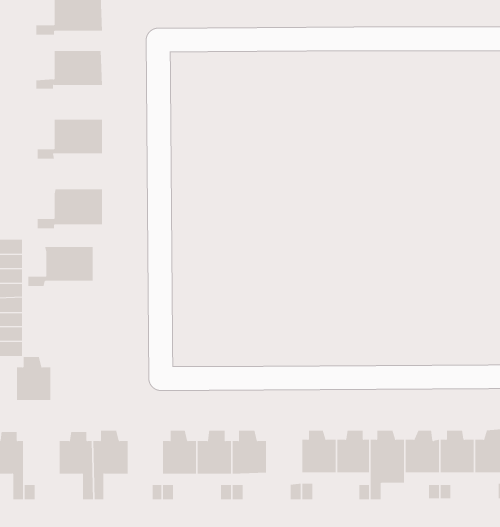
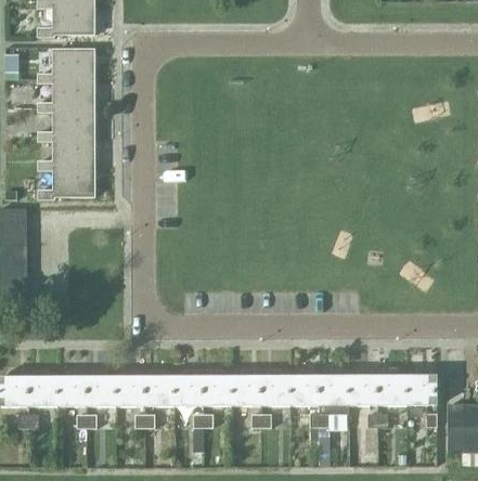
building: none -> [39,80,95,113]
building: [28,246,93,286] -> [40,138,95,171]
building: [16,357,51,401] -> [29,369,59,406]
building: none -> [117,369,145,406]
building: none -> [233,369,262,405]

